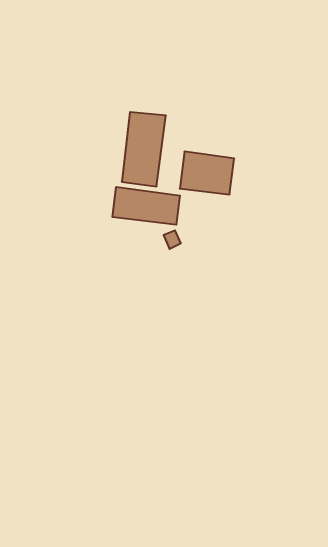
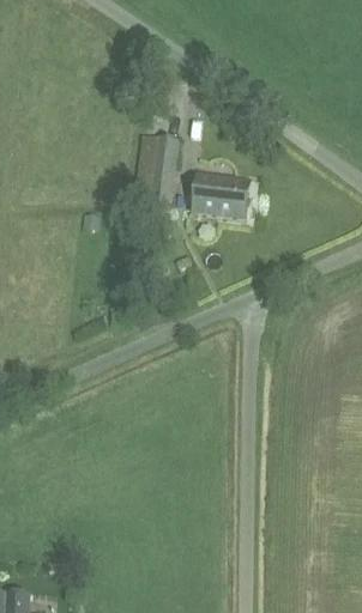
building: [112,187,180,225] -> none

